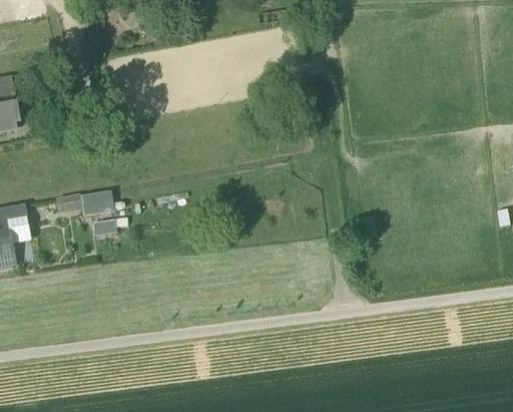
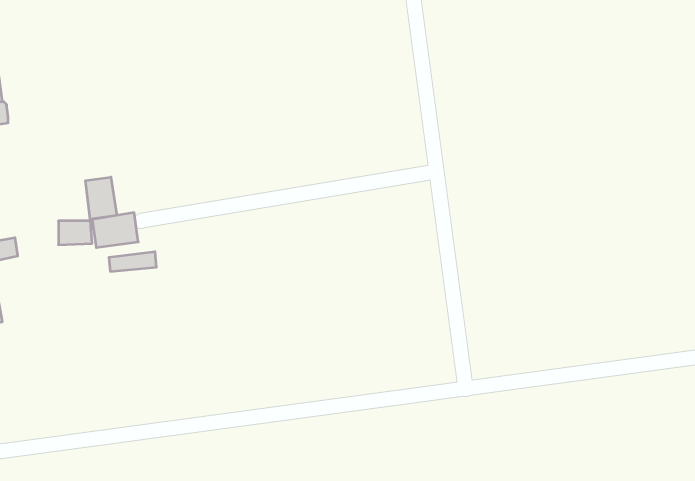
building: none -> [86,177,117,219]

